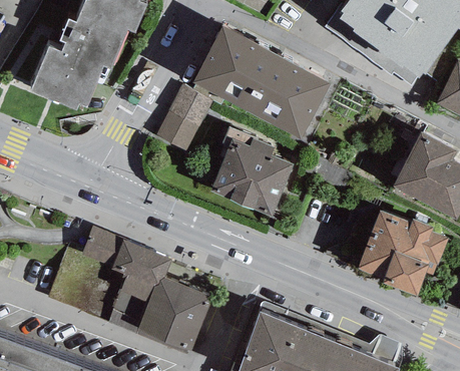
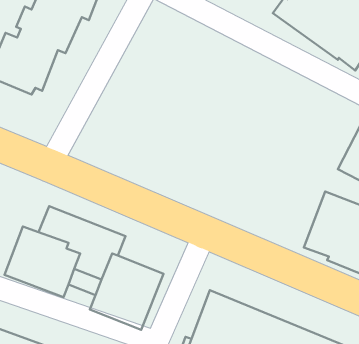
building: [192,25,331,138] -> none
building: [155,82,212,148] -> none
building: [210,124,295,216] -> none

